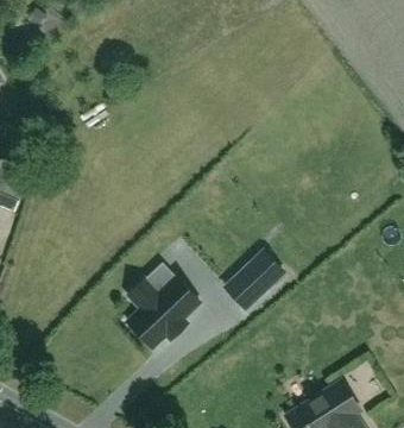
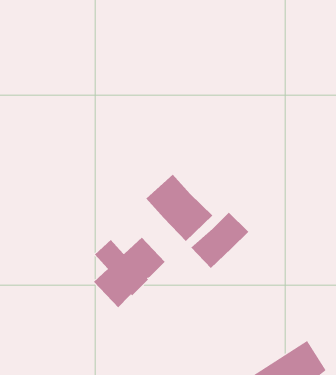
building: none -> [146,174,213,242]

